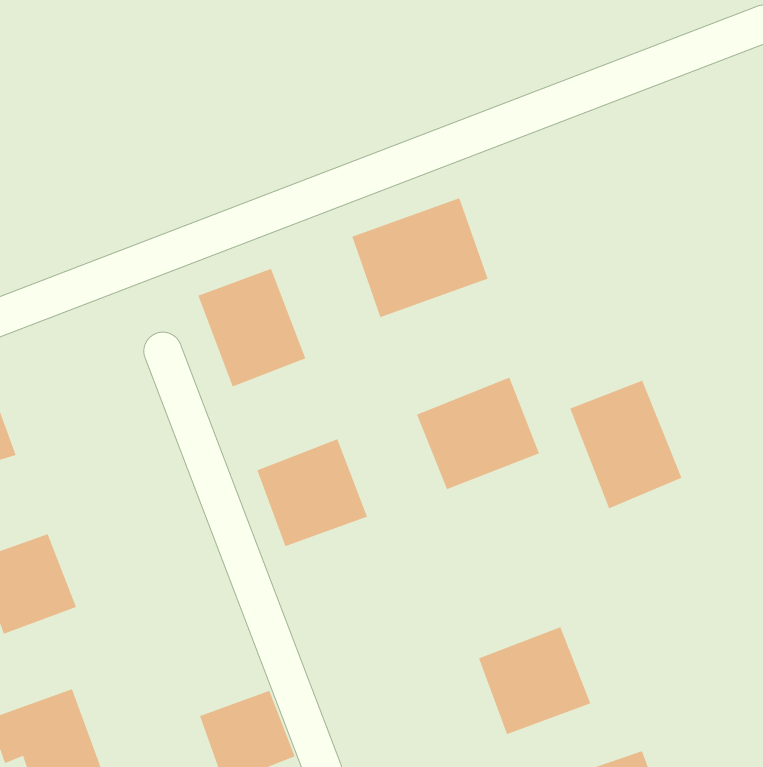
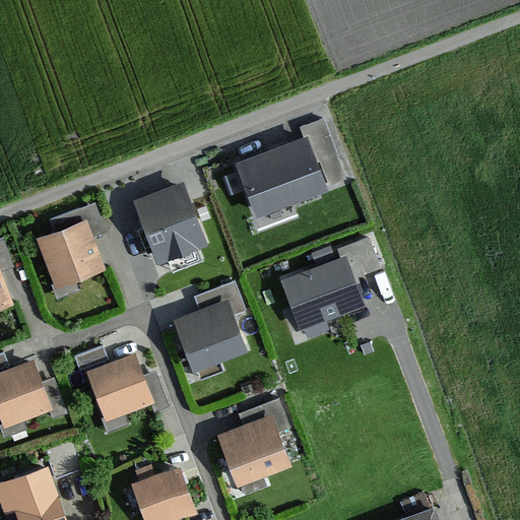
building: none -> [35,220,104,290]
building: [569,380,682,509] -> none
building: none -> [85,353,152,421]
building: [478,626,591,735] -> [217,414,294,488]

